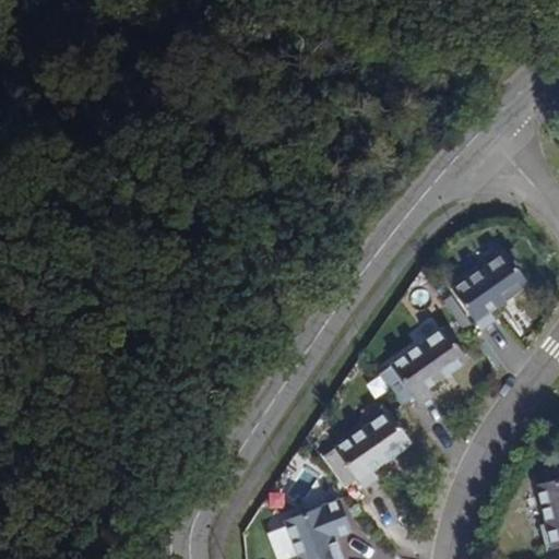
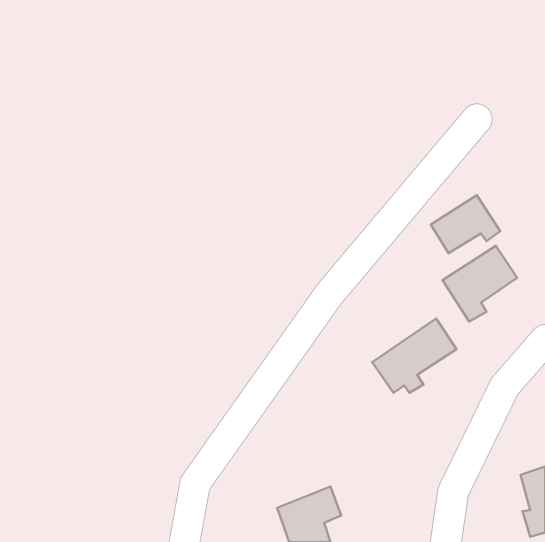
building: none -> [431,195,500,253]
building: [333,408,408,488] -> none

